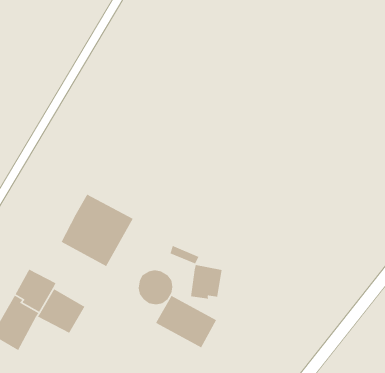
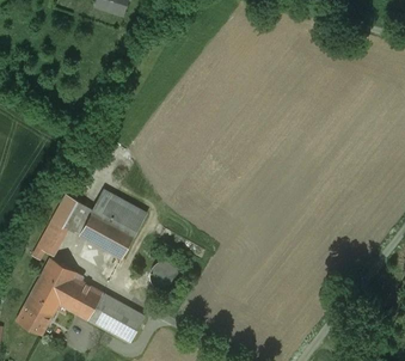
building: none -> [32,195,92,259]
building: [190,264,222,300] -> none
building: [155,295,217,349] -> [87,294,143,343]

